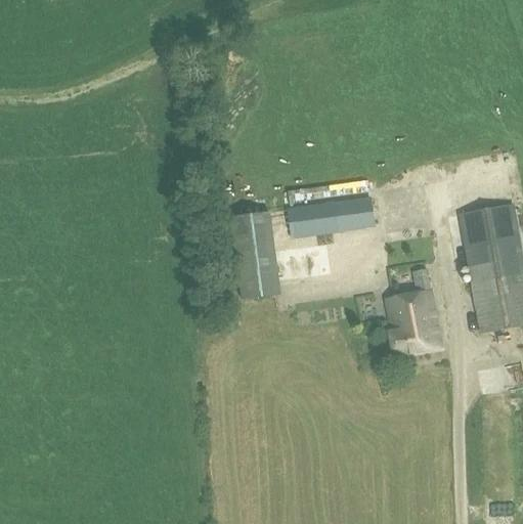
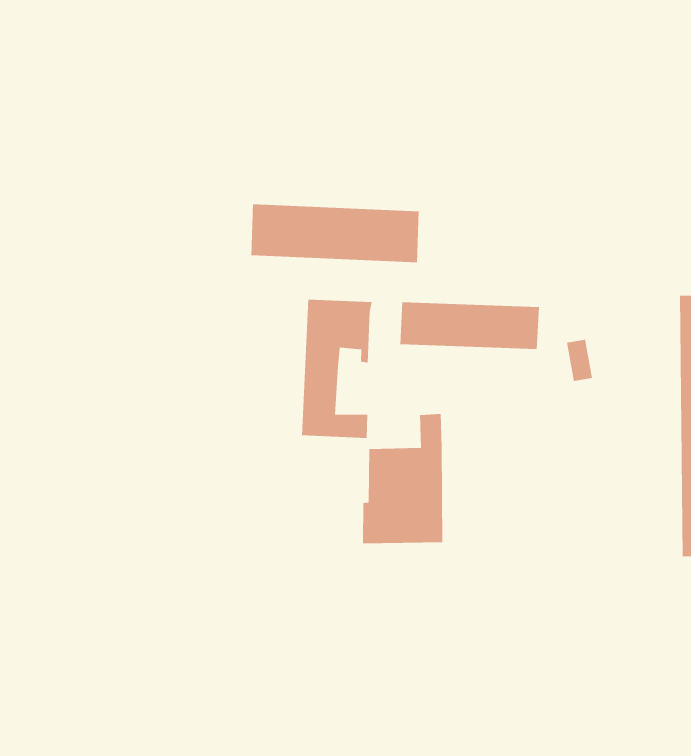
building: none -> [251,203,419,263]
building: [386,269,440,355] -> [362,413,443,544]

